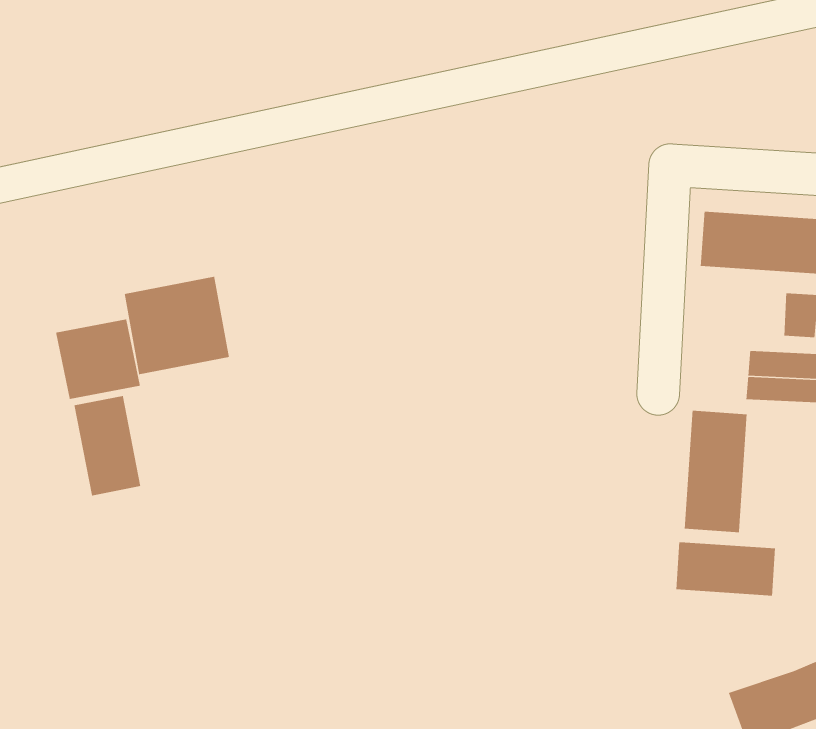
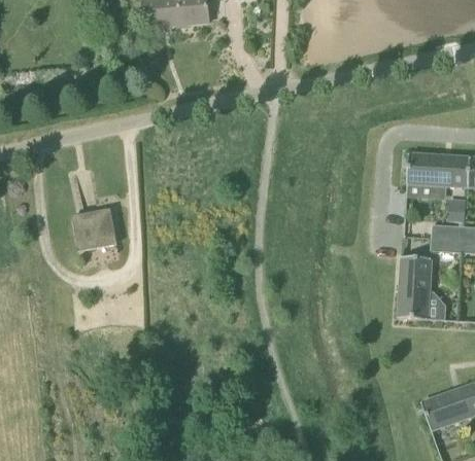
building: [124,276,230,375] -> none
building: [73,395,141,497] -> none
building: [676,541,776,596] -> none

